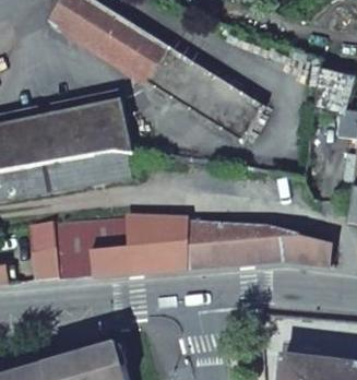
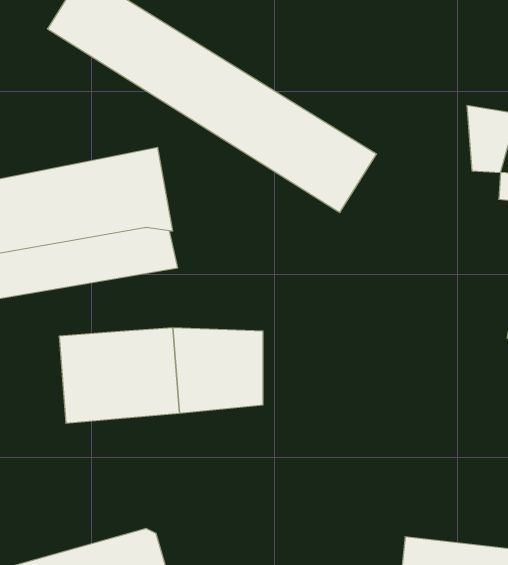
building: [188,218,333,266] -> none
building: [32,222,59,281] -> none

